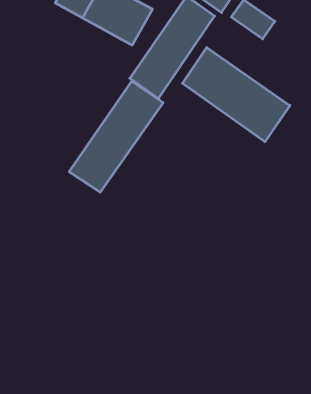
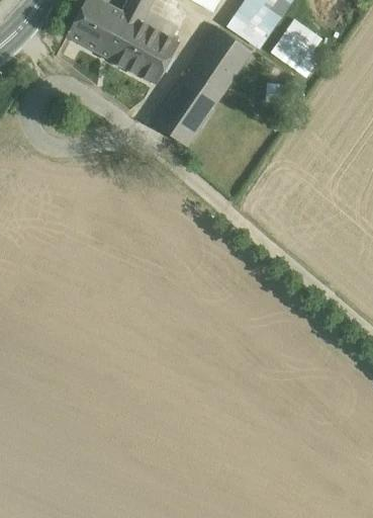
building: [182,47,290,142] -> none
building: [69,81,163,192] -> none

